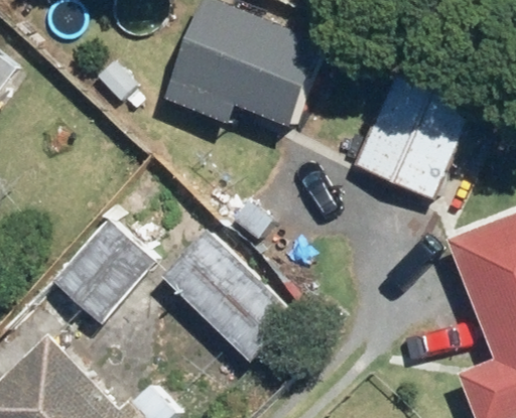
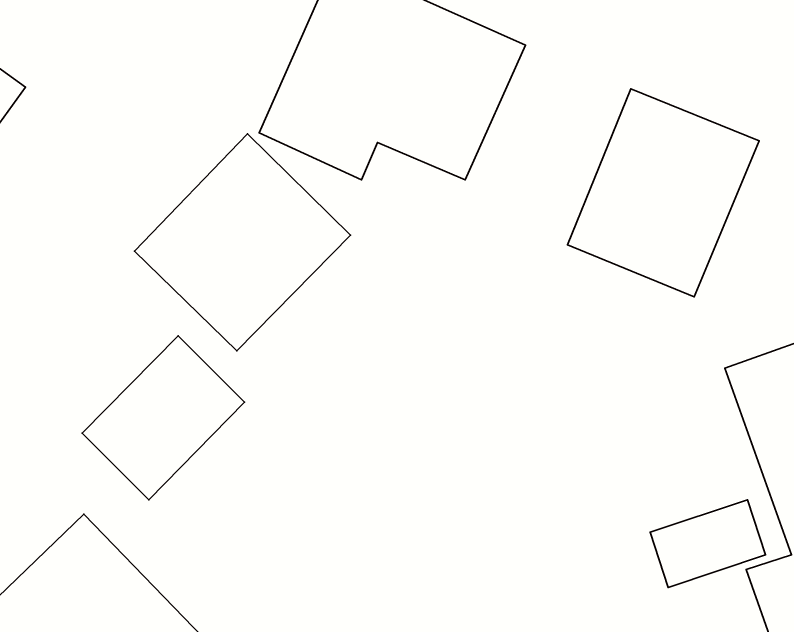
building: none -> [135,134,350,351]
building: [161,229,296,366] -> none

